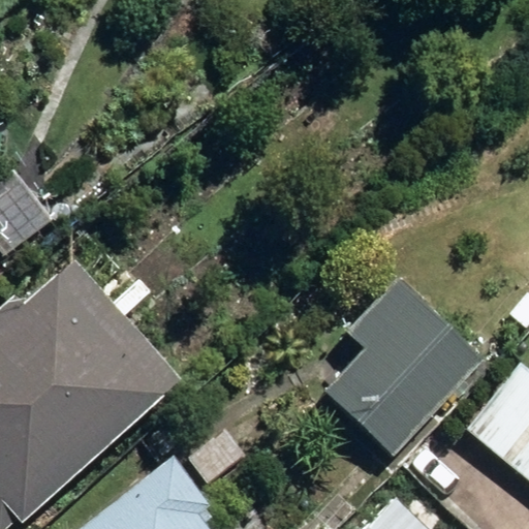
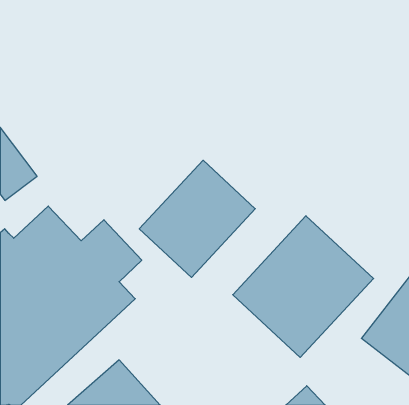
building: none -> [139,160,255,277]

